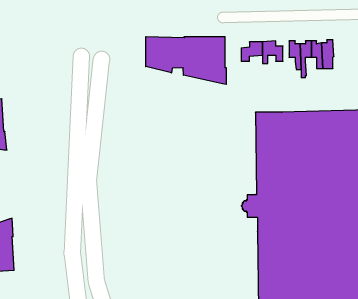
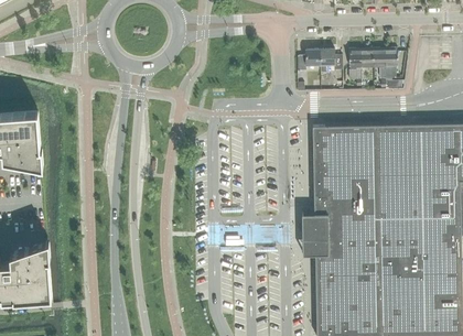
building: [146,37,226,84] -> none

